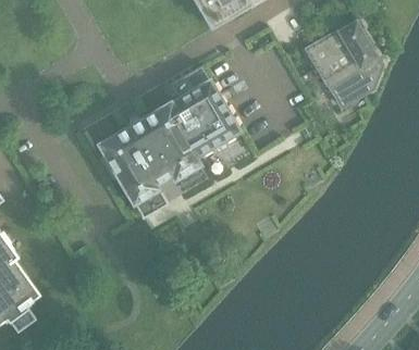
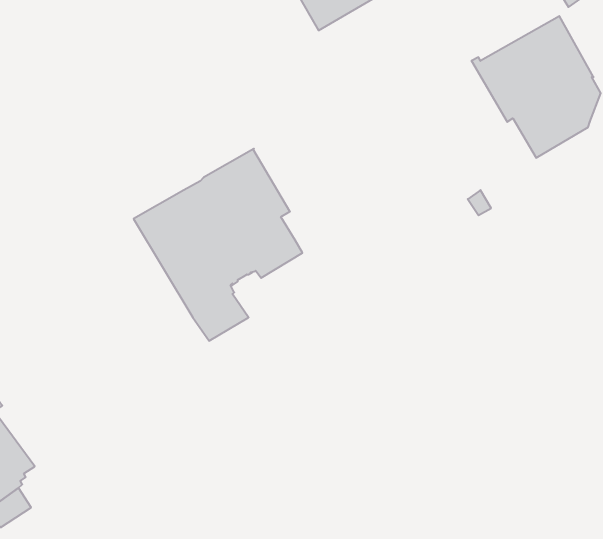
building: [170,65,242,157] -> none

